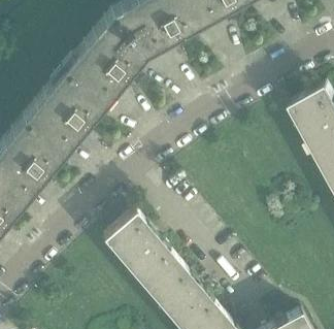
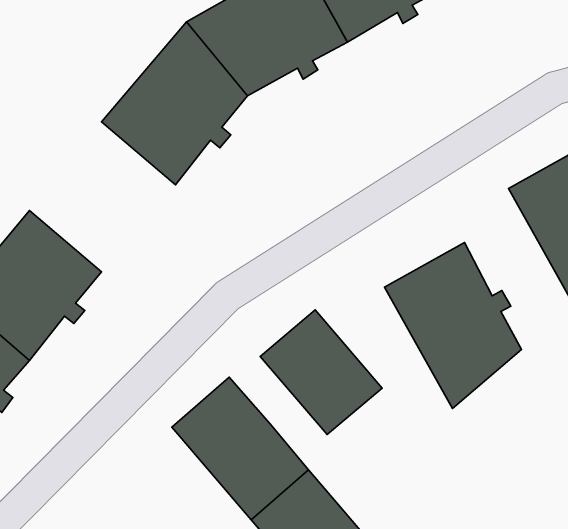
building: [23,71,104,155] -> none
building: none -> [385,243,521,408]
building: none -> [260,310,382,435]

